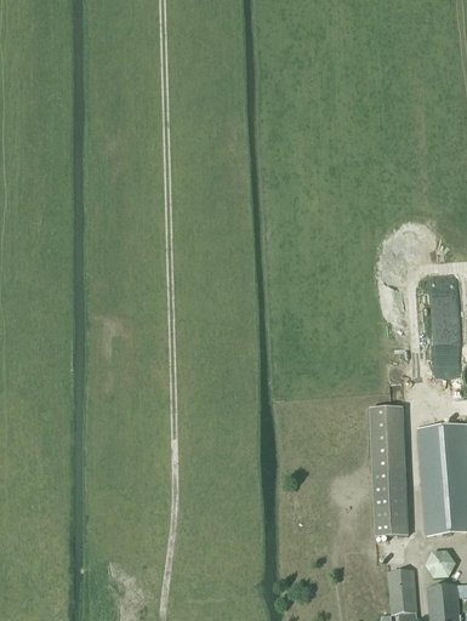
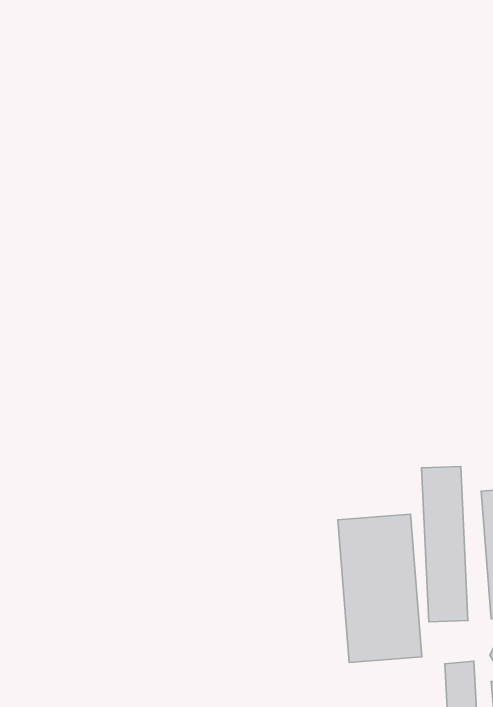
building: none -> [338,514,422,663]

